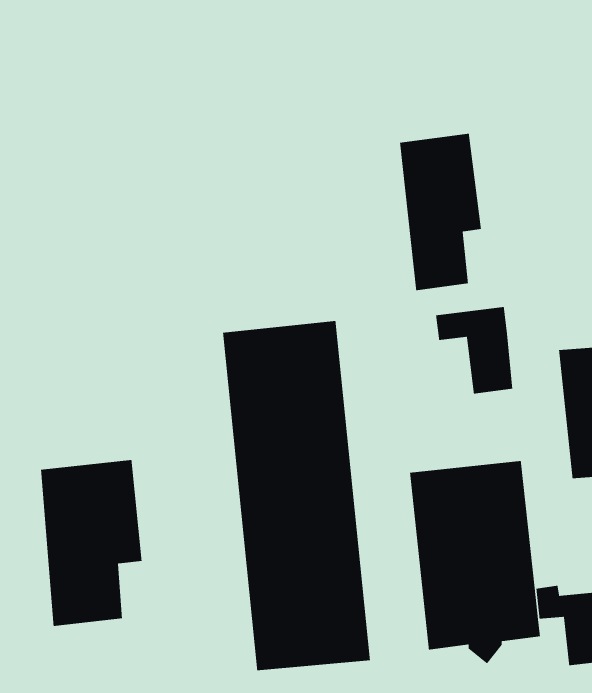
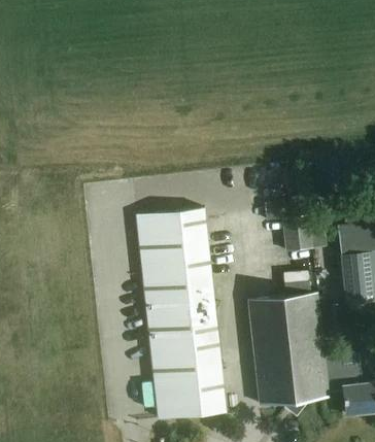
building: [399,133,482,291] -> none
building: [40,459,143,627] -> none

